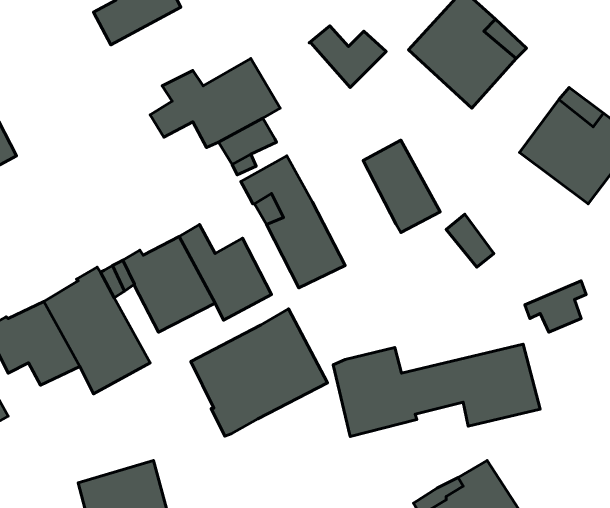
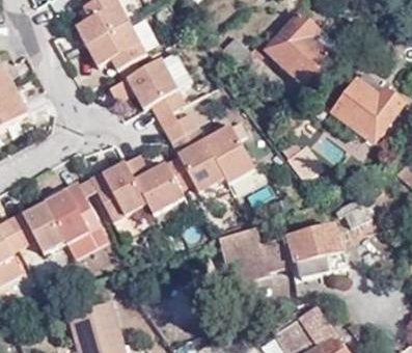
building: none -> [85,24,145,72]
building: [363,140,440,233] -> [208,130,254,186]
building: [191,309,328,436] -> none

